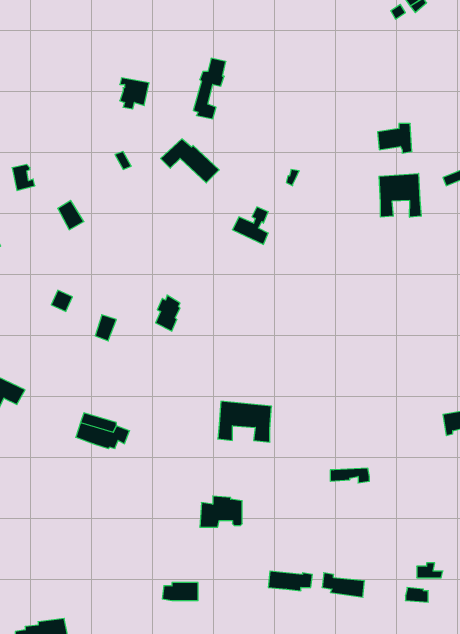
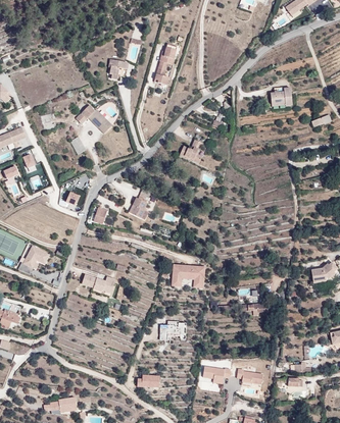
building: [161,139,219,183] -> [76,105,112,133]
building: [379,173,421,217] -> none

